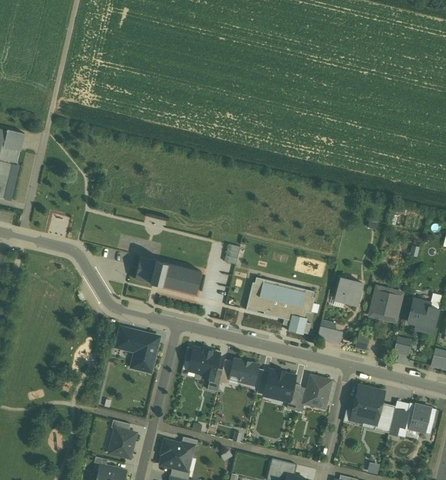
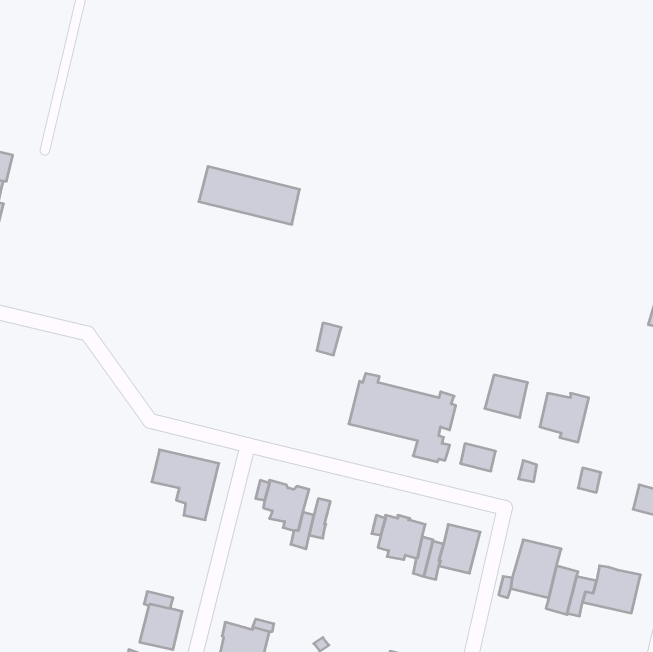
building: [135,256,201,294] -> [199,166,300,224]
building: [408,298,438,332] -> none
building: [229,358,258,384] -> none

